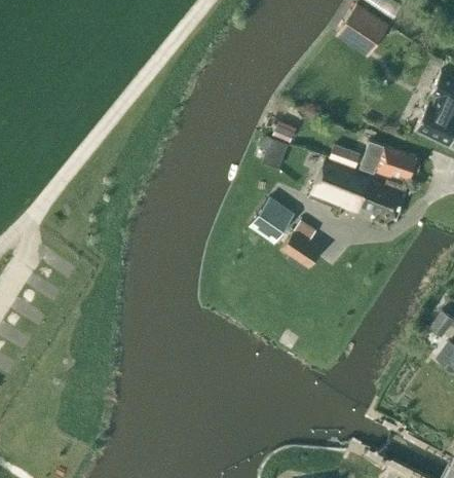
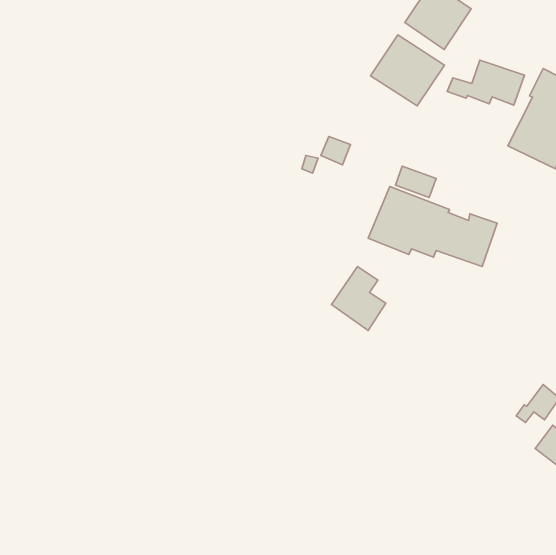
building: none -> [371,35,444,106]
building: [361,145,419,179] -> [447,60,525,105]
building: [251,198,295,243] -> none

